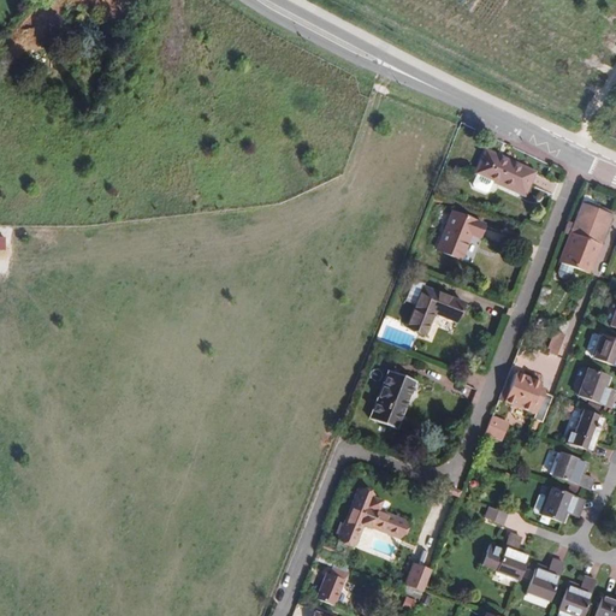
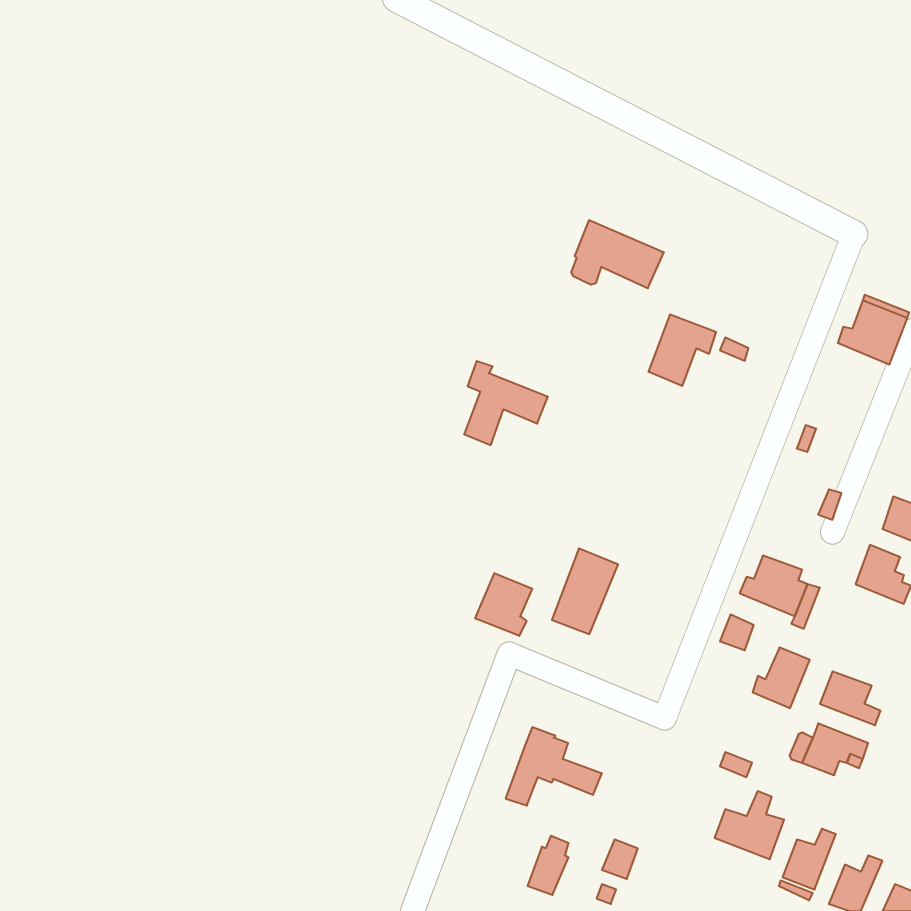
building: [474,149,537,195] -> [571,220,664,288]
building: [555,231,600,277] -> none
building: [408,279,464,336] -> [464,361,548,445]
building: none -> [475,573,532,636]
building: [567,410,605,451] -> [753,647,810,708]
building: [318,565,345,605] -> [528,836,569,895]

